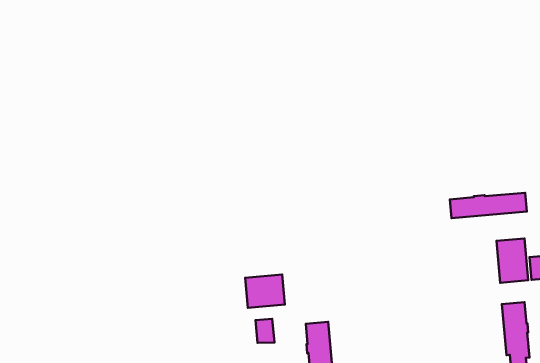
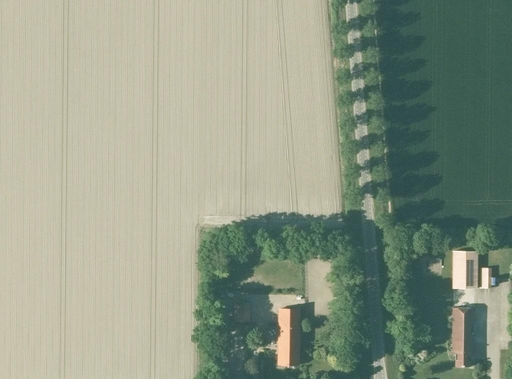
building: [450,193,527,218] -> none
building: [245,275,285,308] -> none

